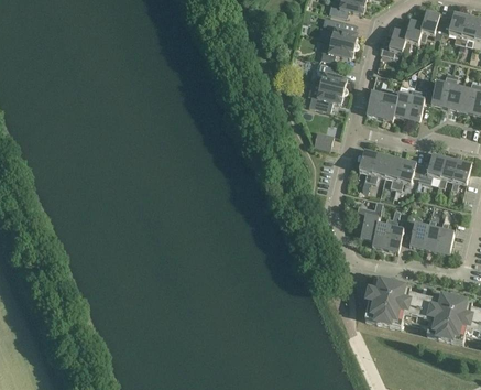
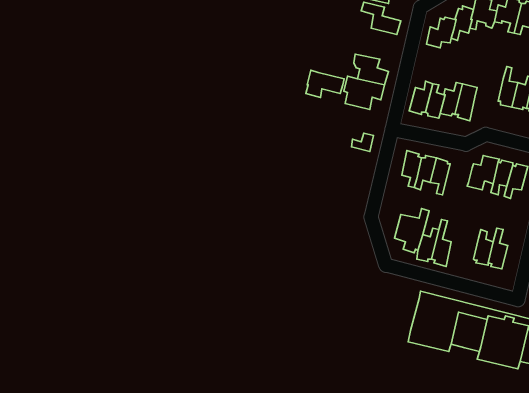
building: [321,36,356,61] -> [306,70,344,97]
building: [425,72,453,105] -> none
building: [396,159,423,189] -> none
building: [404,214,428,248] -> none

